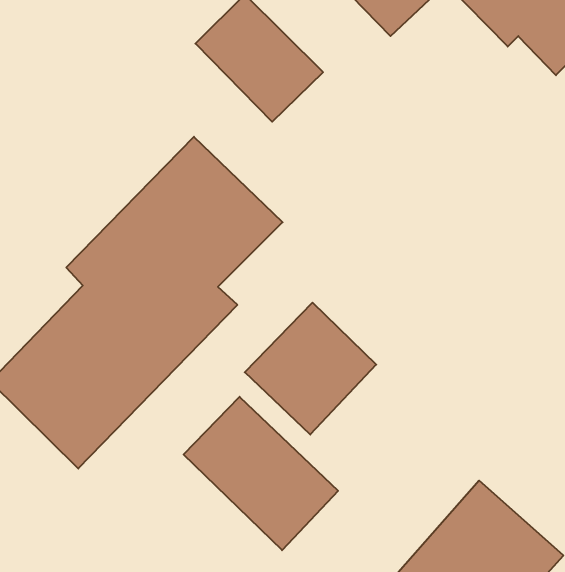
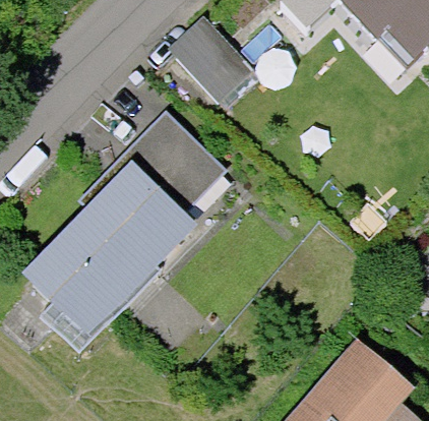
building: [245,303,376,435] -> none
building: [184,397,338,550] -> none

